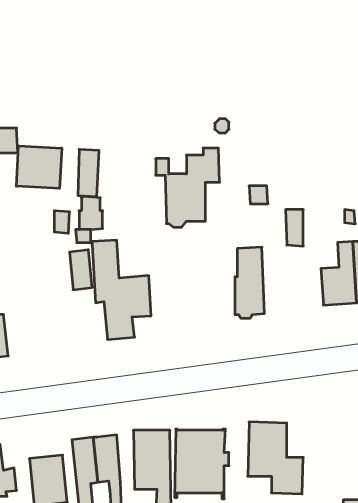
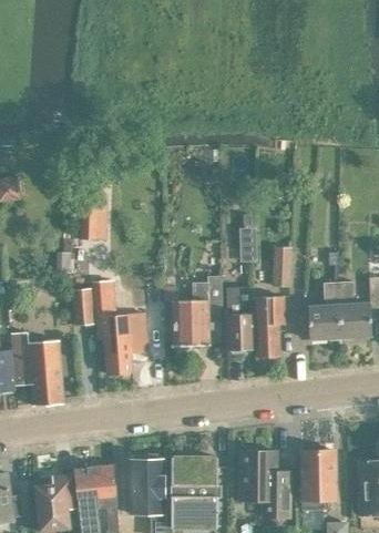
building: [16,146,62,188] -> none
building: [156,148,220,227] -> [163,276,223,350]
building: none -> [256,296,285,357]
building: none -> [11,334,63,407]
building: none -> [300,452,335,511]

